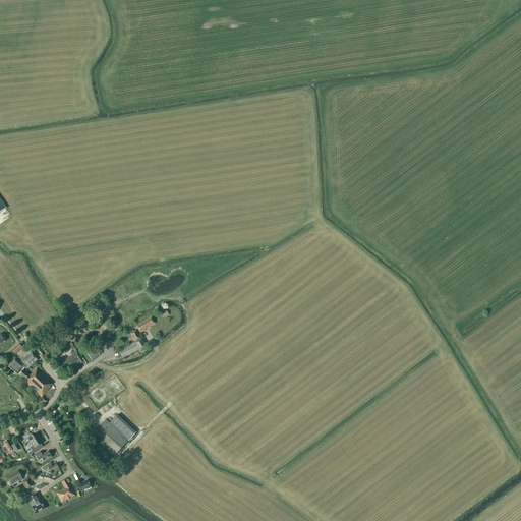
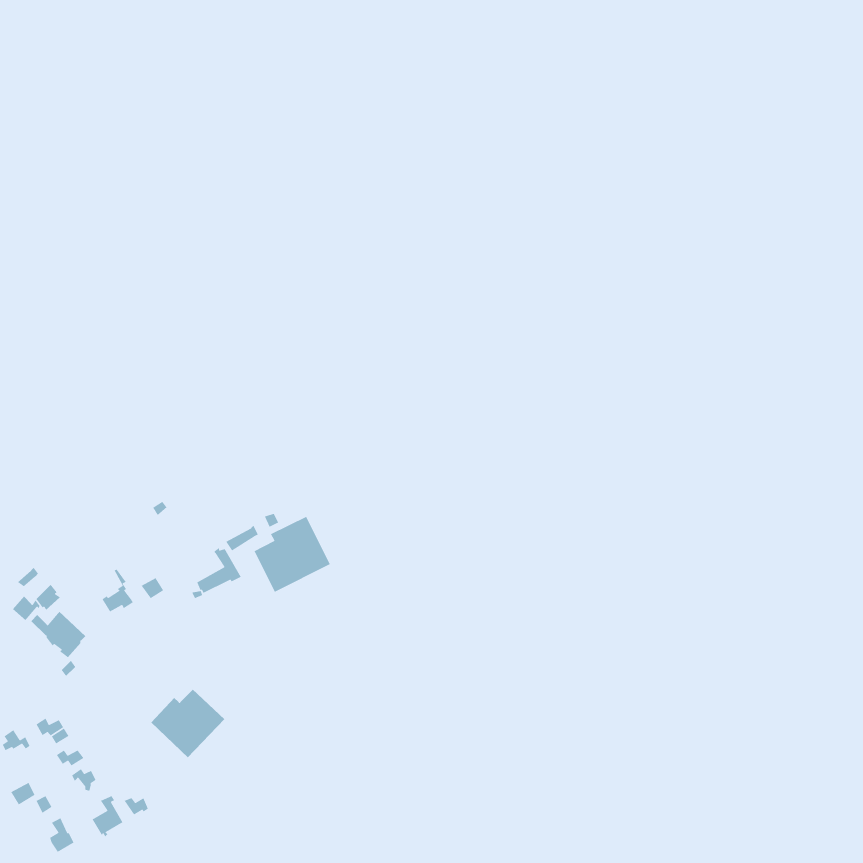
building: none -> [254,516,331,593]

